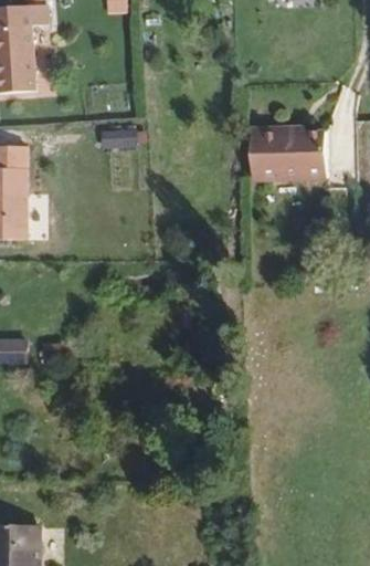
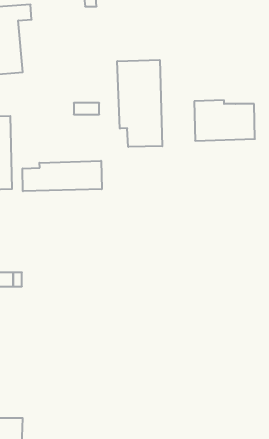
building: none -> [117,60,162,147]
building: none -> [23,161,102,191]

